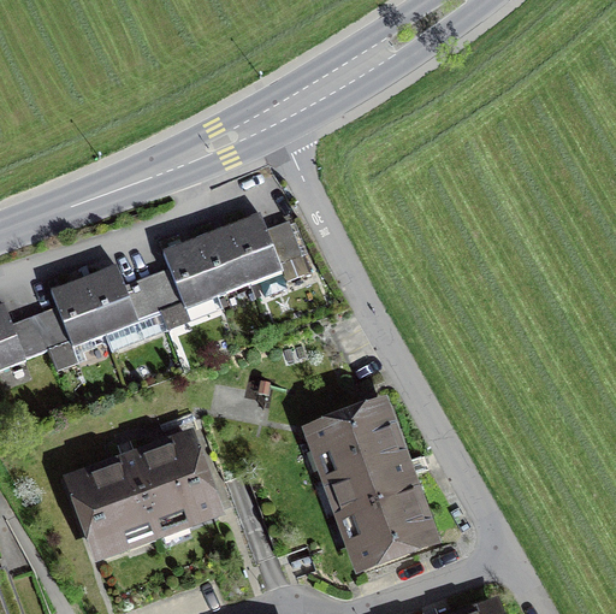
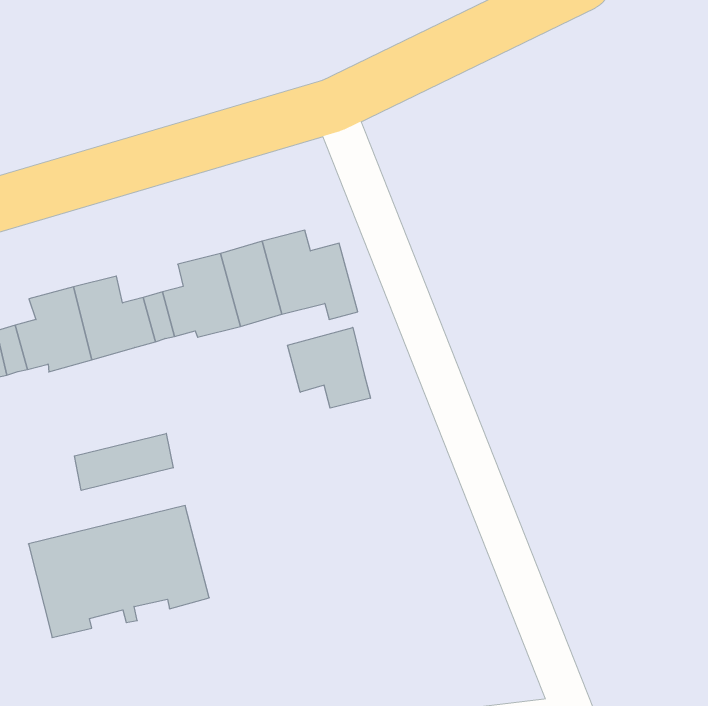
building: none -> [287,327,370,408]
building: none -> [74,433,173,490]
building: [309,405,428,566] -> none

